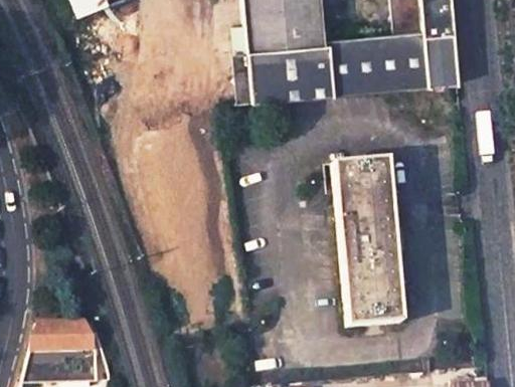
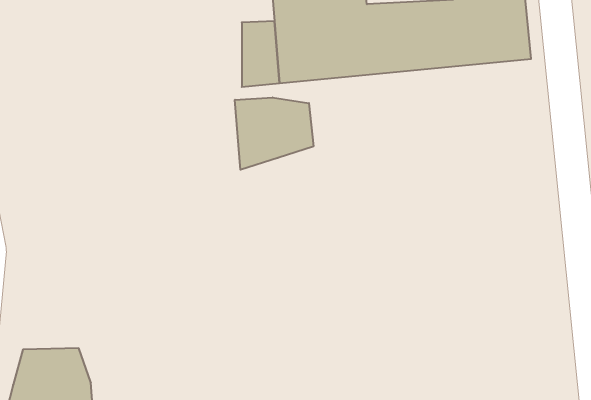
building: none -> [235,97,313,170]
building: [334,157,404,325] -> none

